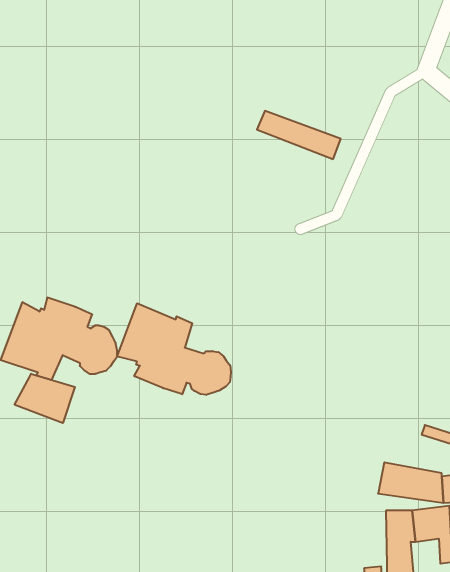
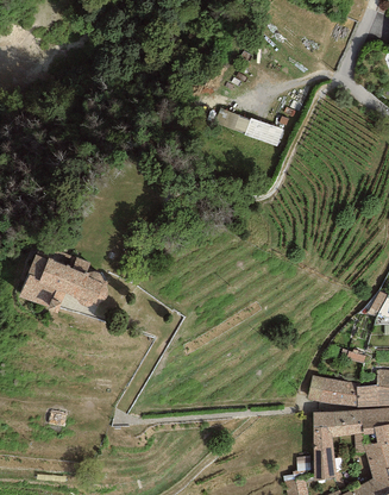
building: [117,303,231,395] -> none
building: [15,374,75,423] -> none

